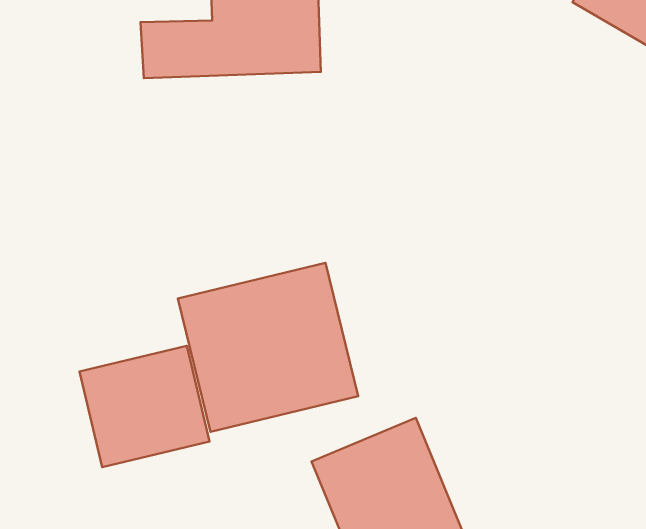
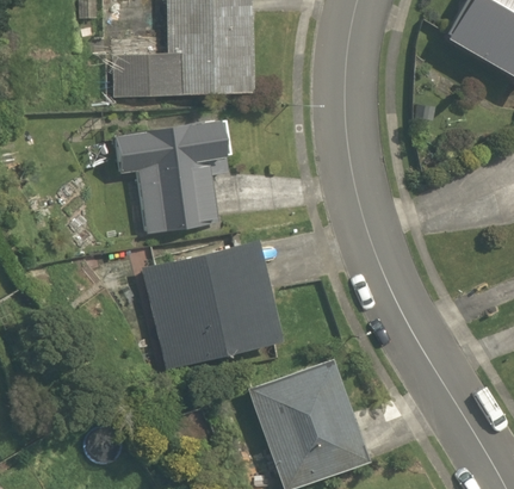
building: none -> [118,118,228,235]
building: [80,346,209,467] -> none

